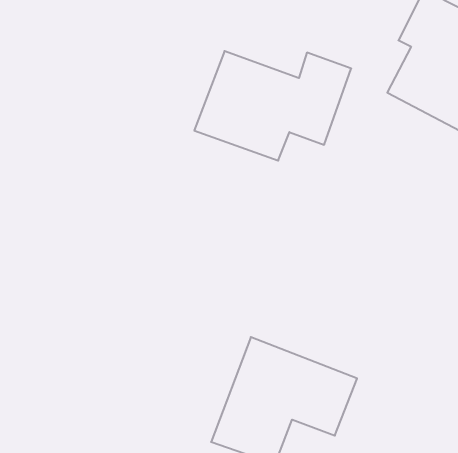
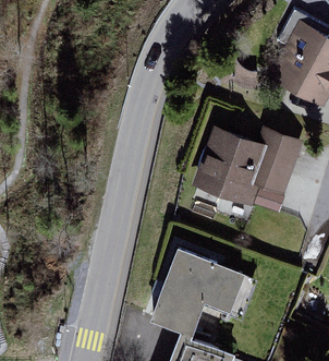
building: [194,51,351,161] -> [197,131,305,206]

